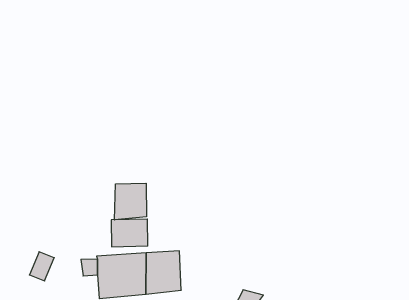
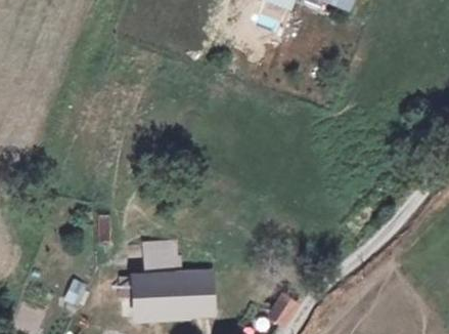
building: [115,183,146,220] -> none

